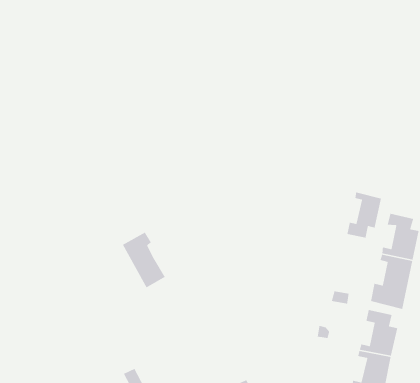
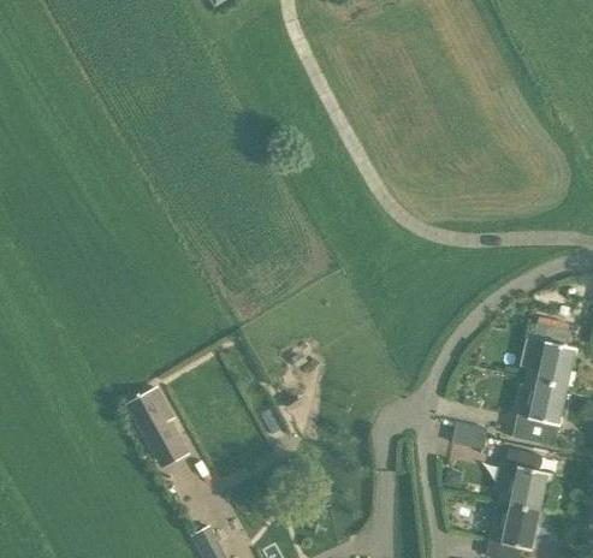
building: [346,192,382,239] -> none
building: [122,231,166,288] -> [125,386,182,459]

